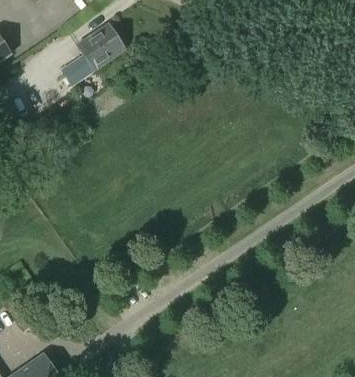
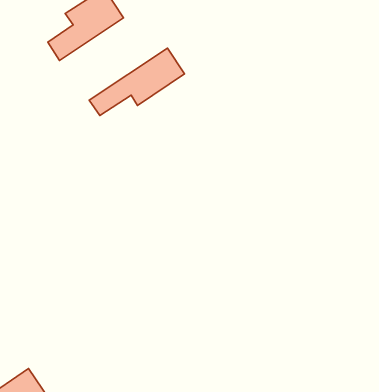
building: none -> [89,48,185,115]

